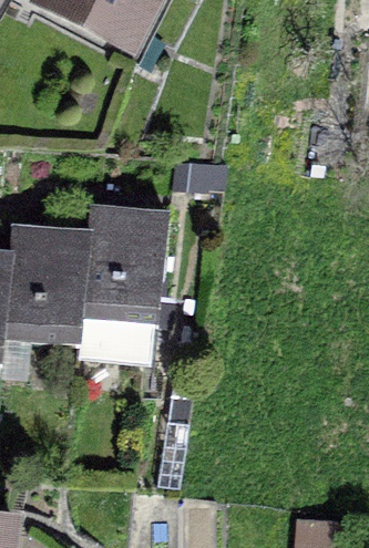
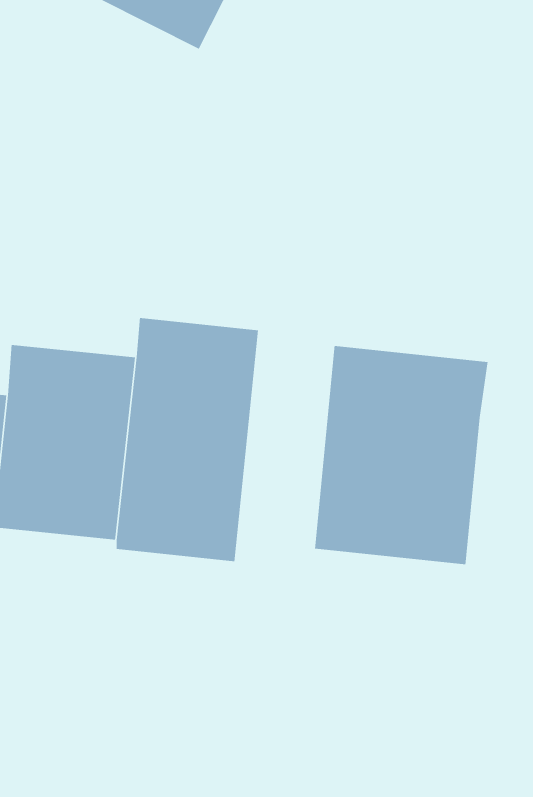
building: none -> [314,345,488,565]

